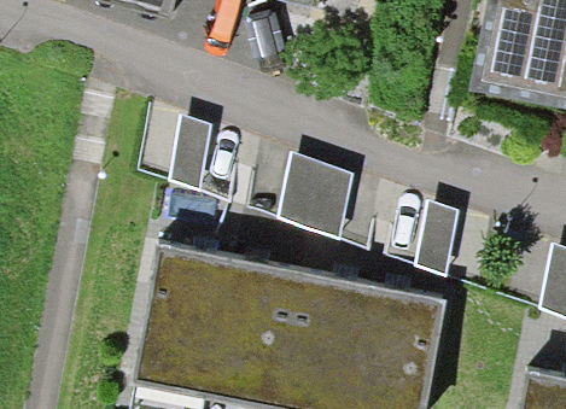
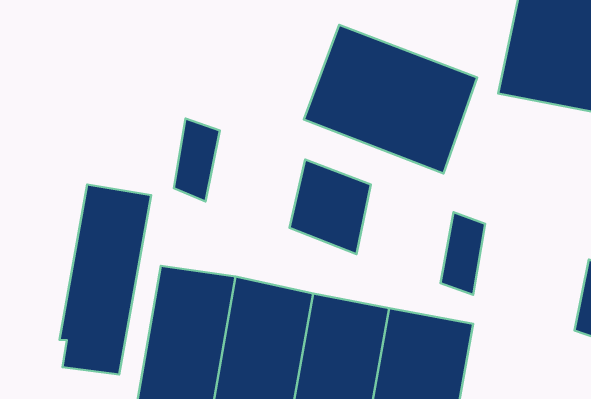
building: none -> [304,25,477,173]
building: none -> [60,184,151,375]

